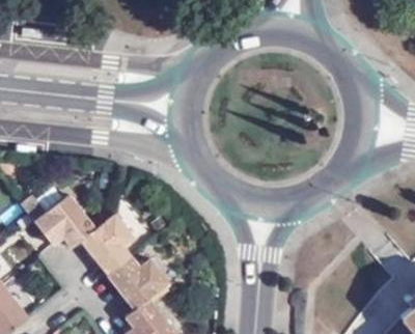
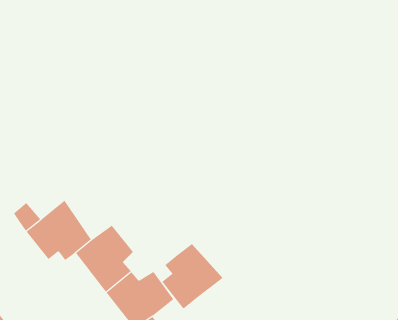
building: none -> [161,243,224,310]

